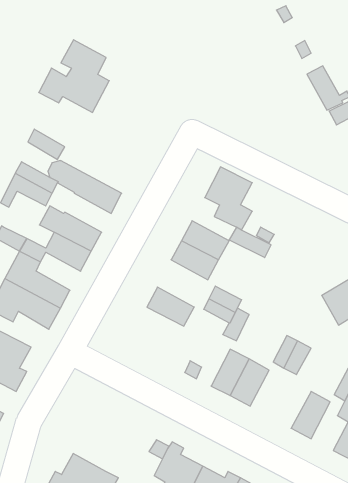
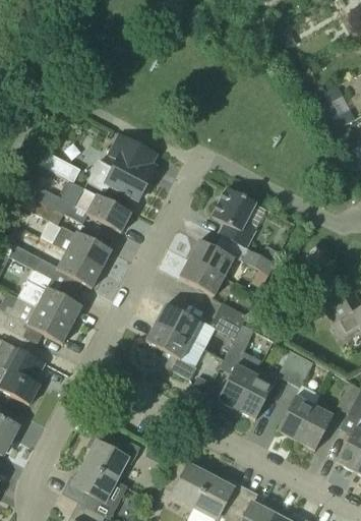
building: [39,40,109,112] -> [86,131,155,201]
building: none -> [146,323,198,380]
building: none -> [278,394,315,440]
building: none -> [85,427,141,481]

